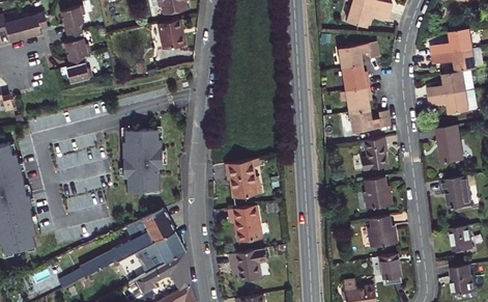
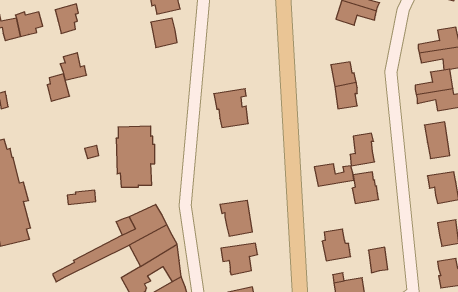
building: [64,31,87,59] -> [47,74,70,101]
building: [338,43,377,67] -> none
building: [348,109,389,132] -> [314,164,354,186]
building: [225,159,260,198] -> [214,89,248,127]
building: [367,215,396,247] -> [322,229,351,261]

